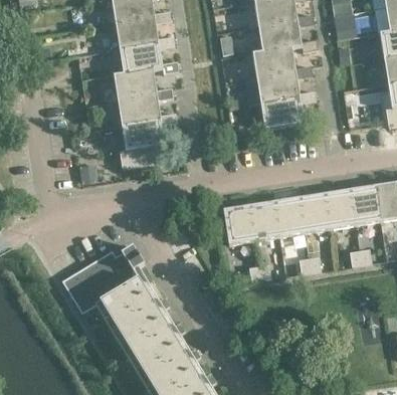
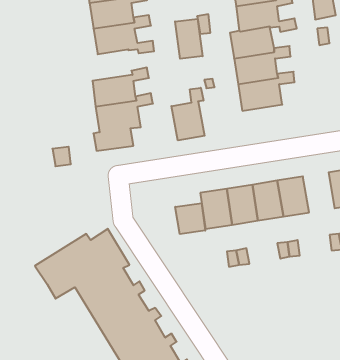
building: none -> [175,19,203,59]
building: [112,69,156,101] -> none
building: none -> [171,88,205,140]
building: [323,190,354,229] -> none
building: none -> [175,203,205,234]

